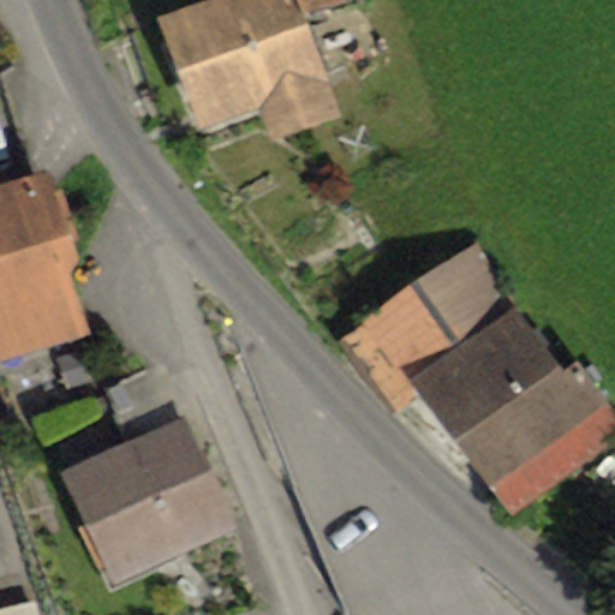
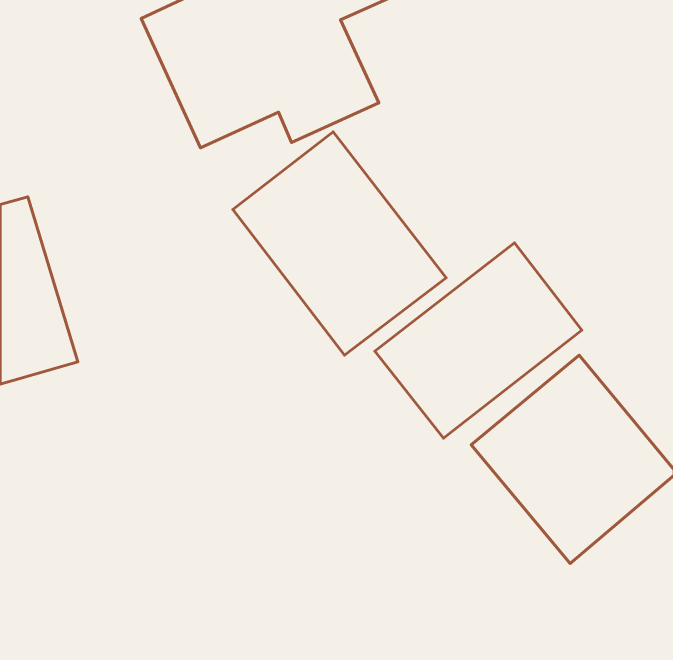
building: none -> [233,132,446,355]
building: [53,424,232,583] -> none

